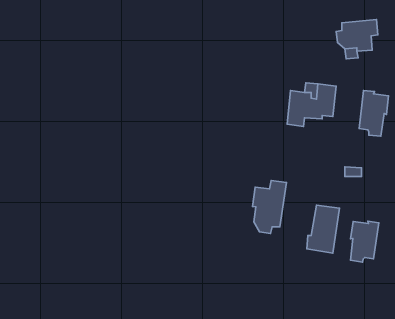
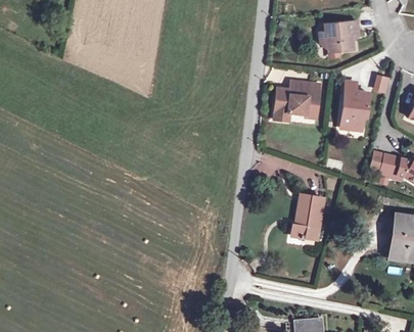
building: [253,181,286,234] -> none
building: [350,221,379,262] -> none

